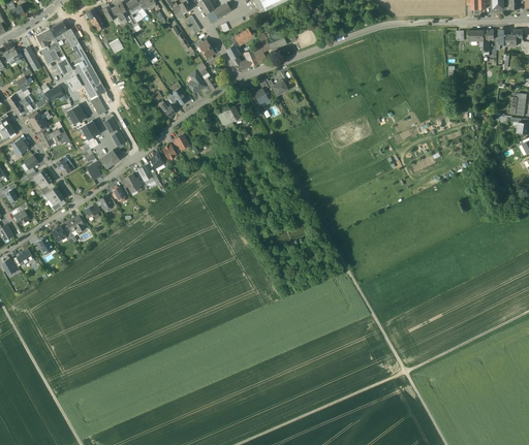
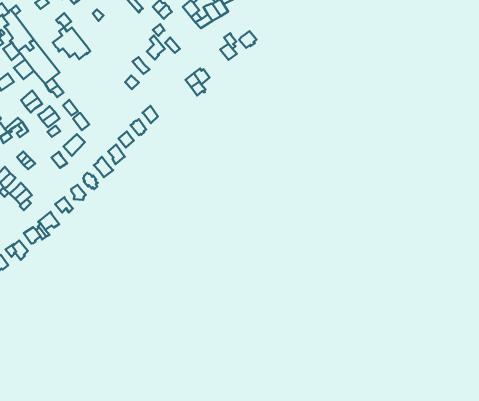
building: none -> [53,27,90,59]

